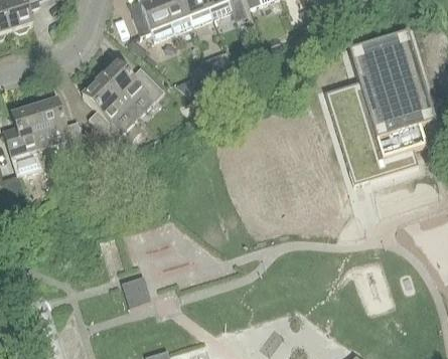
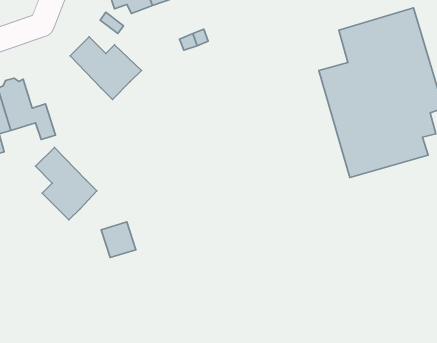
building: [82,77,137,143] -> [36,147,97,220]
building: [122,275,153,307] -> [101,222,136,258]

